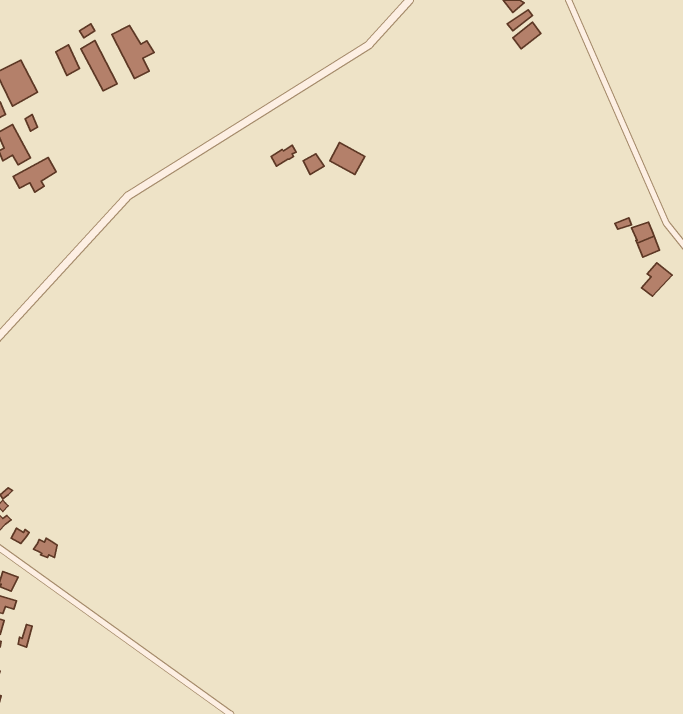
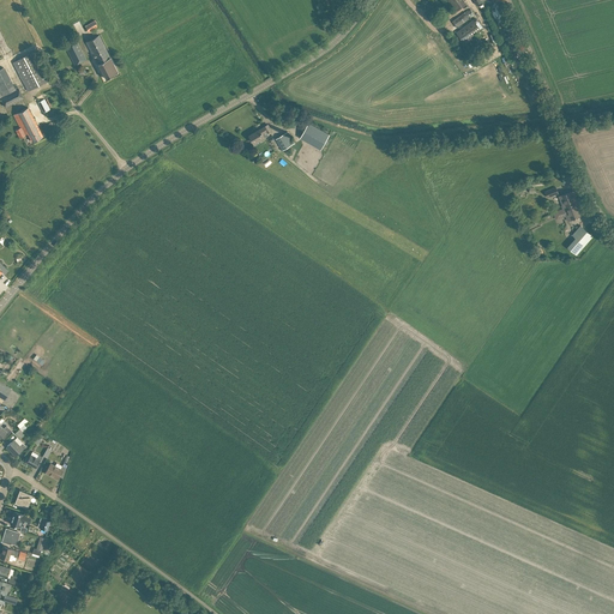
building: [112,25,154,78] -> none
building: [13,157,56,192] -> none

